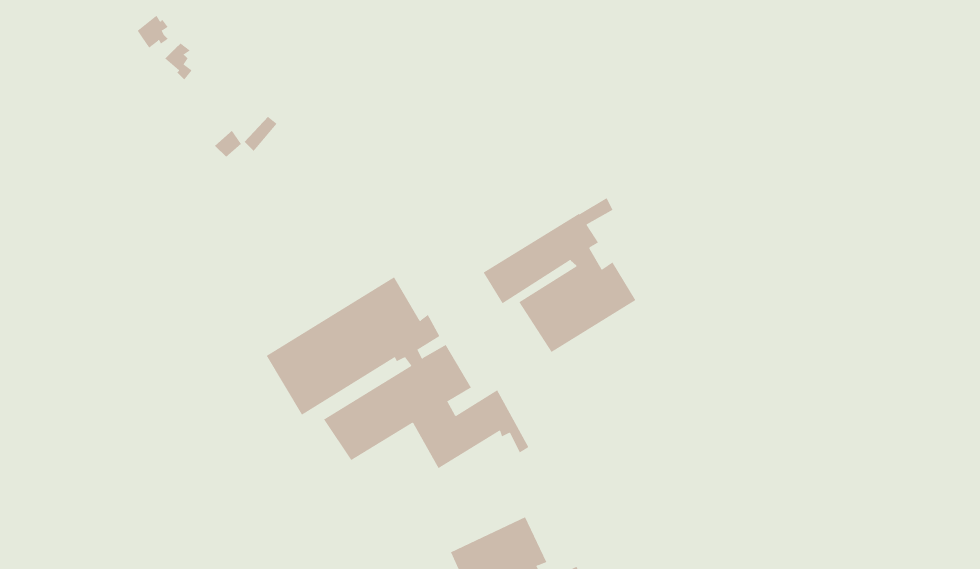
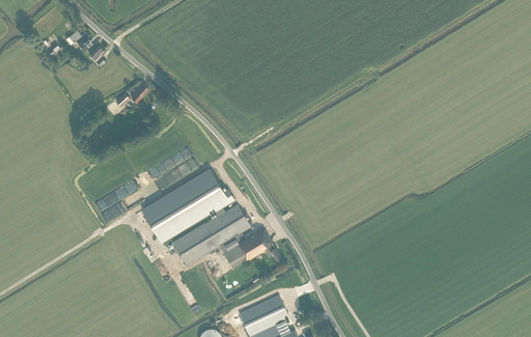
building: [483,197,636,353] -> none

